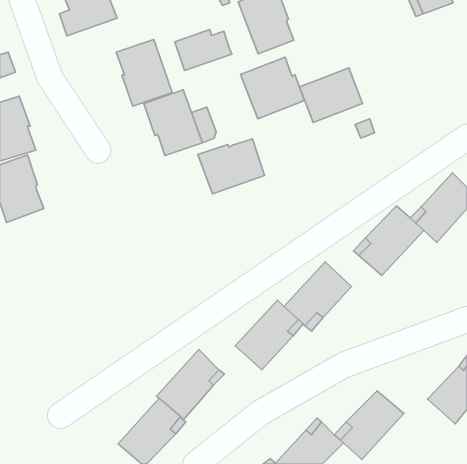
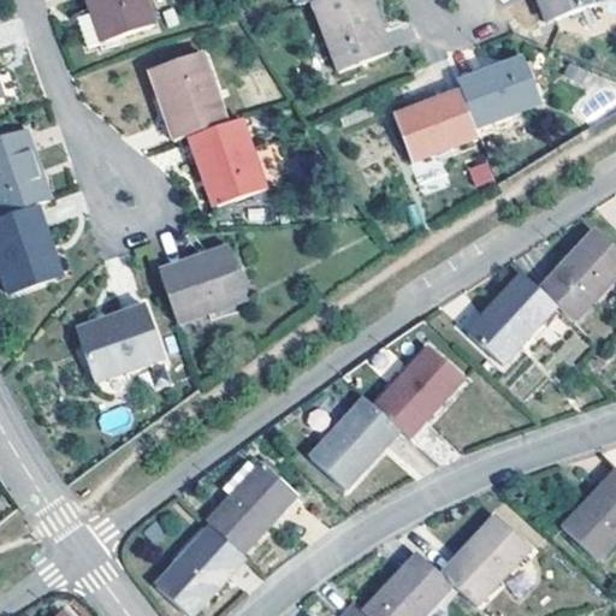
building: [175,30,232,70] -> none
building: none -> [457,55,540,126]
building: [241,57,305,119] -> none
building: [198,139,265,194] -> [159,249,247,321]
building: none -> [77,303,164,395]

